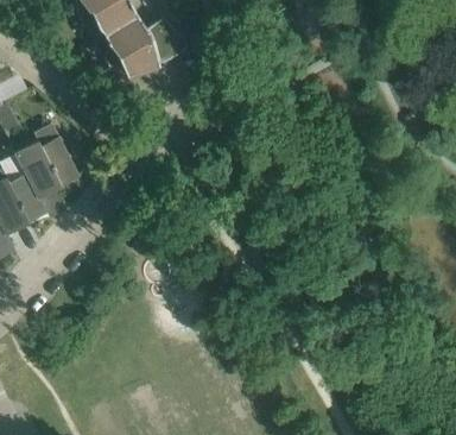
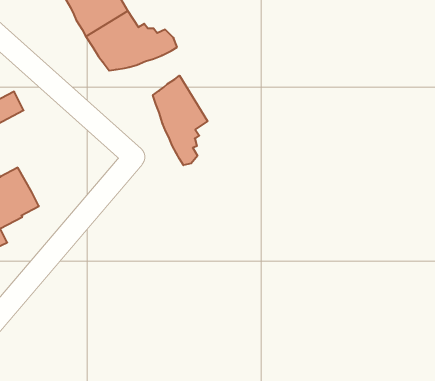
building: none -> [153,76,208,165]
building: [14,125,80,198] -> none

